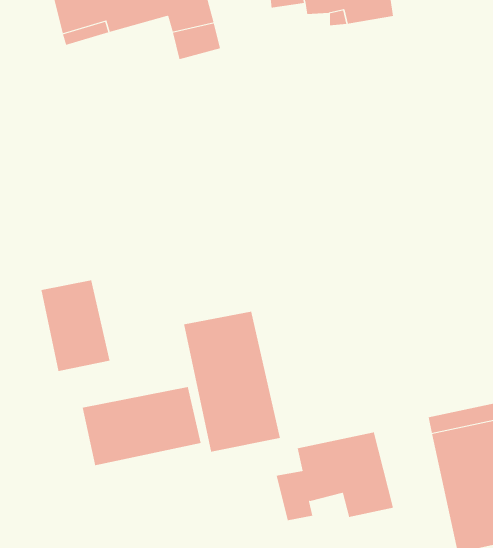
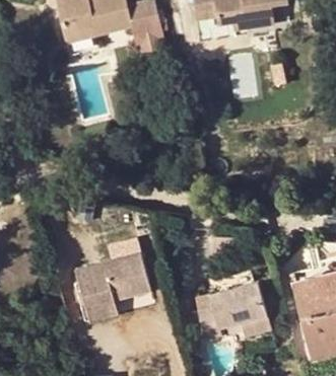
building: [41,280,110,372] -> none
building: [183,311,280,452] -> none

